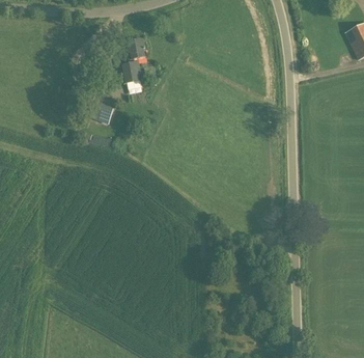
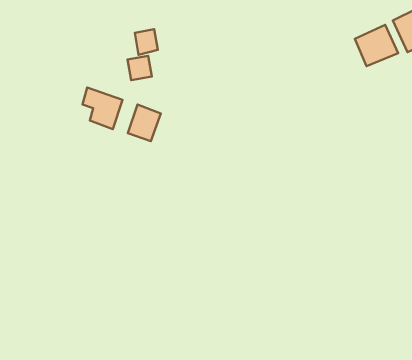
building: none -> [355,25,398,66]
building: none -> [128,105,161,141]

